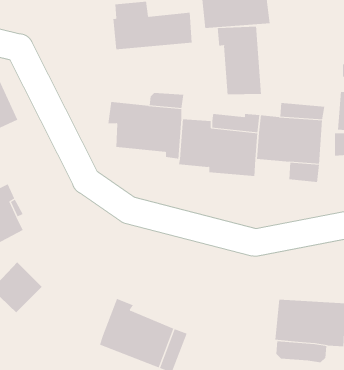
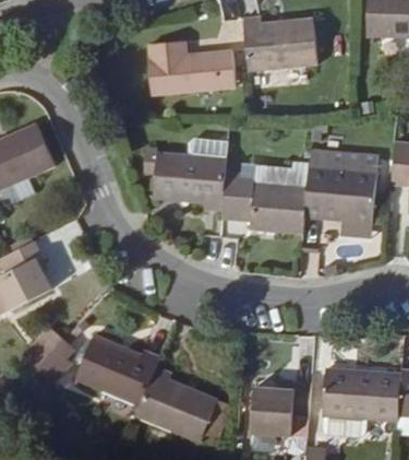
building: [217,26,262,95] -> none
building: none -> [73,334,156,403]
building: none -> [258,382,310,435]

